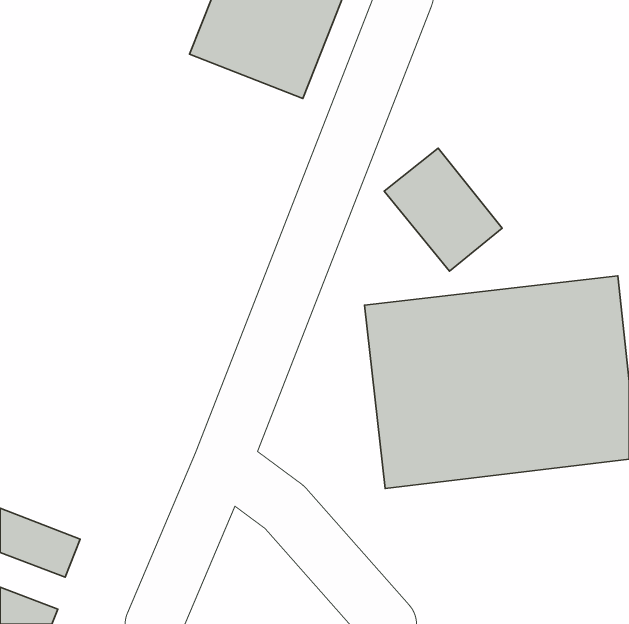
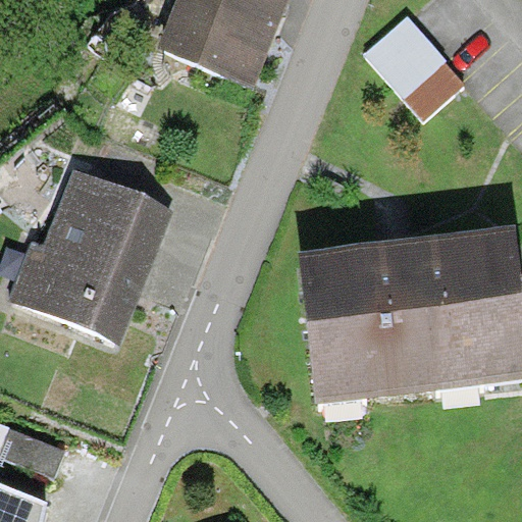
building: [384,148,502,271] -> [363,14,461,116]
building: none -> [14,172,170,342]

